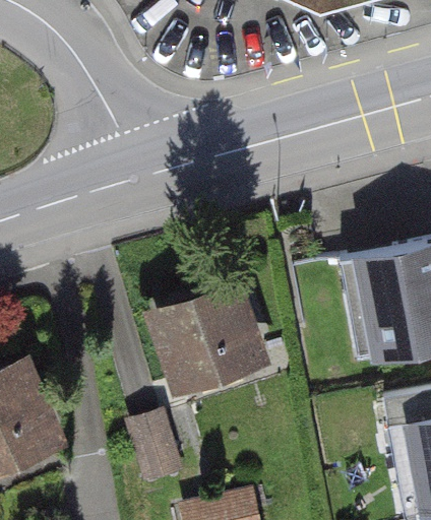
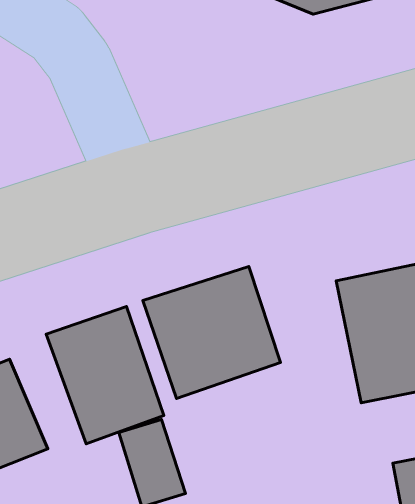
building: none -> [46,306,164,444]

